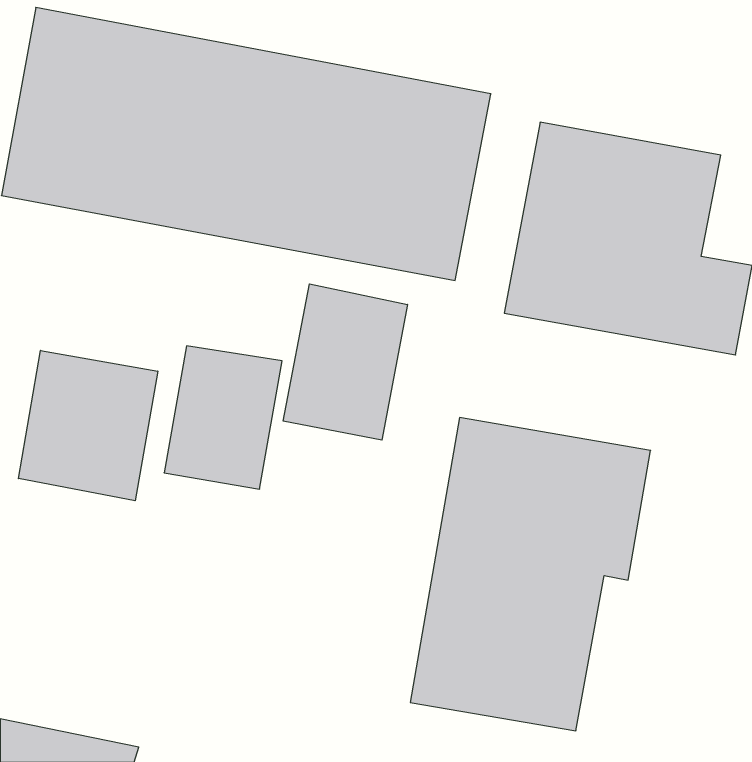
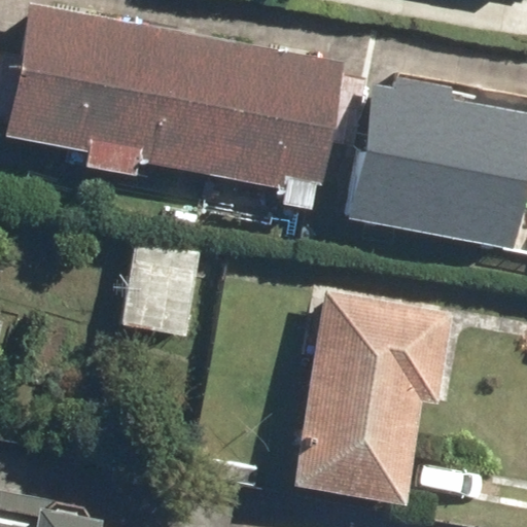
building: [283,284,407,440] -> none
building: [18,350,158,501] -> none

